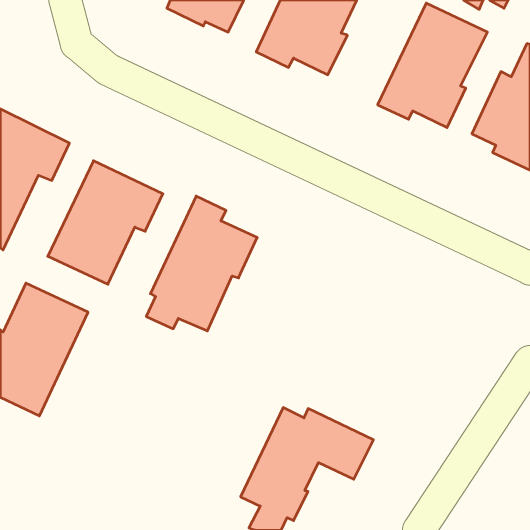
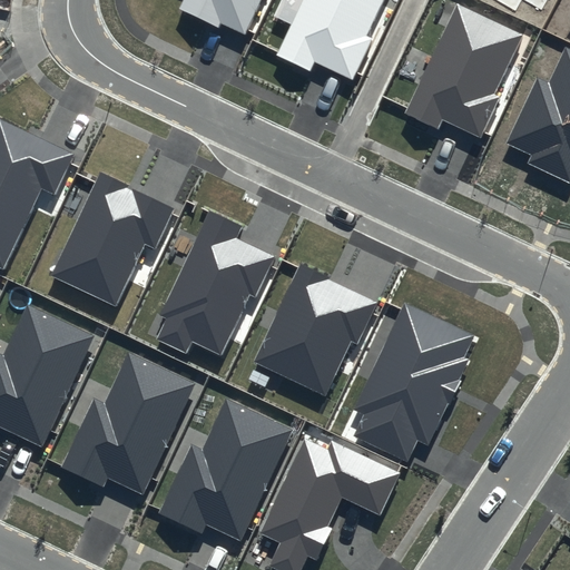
building: none -> [254,262,377,395]
building: none -> [352,301,474,463]
building: none -> [61,352,196,494]
building: none -> [159,397,294,541]

